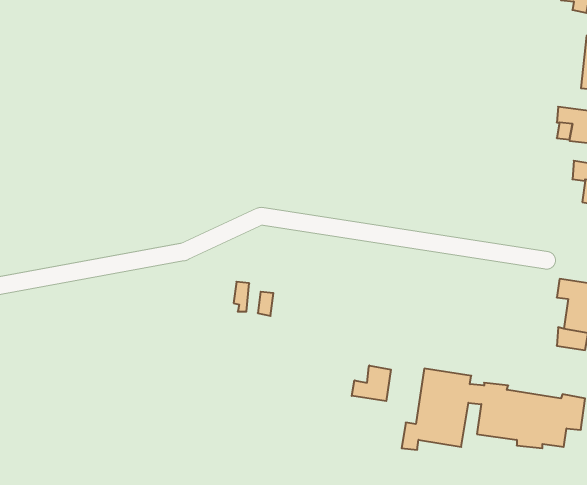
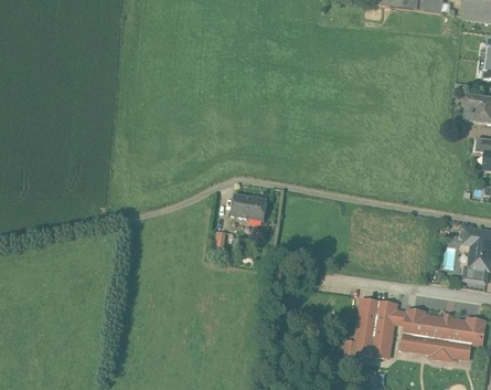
building: none -> [231,193,268,221]
building: [352,365,391,401] -> none

